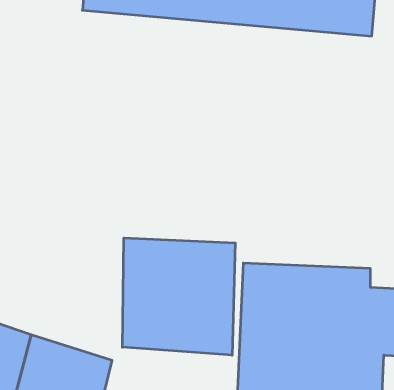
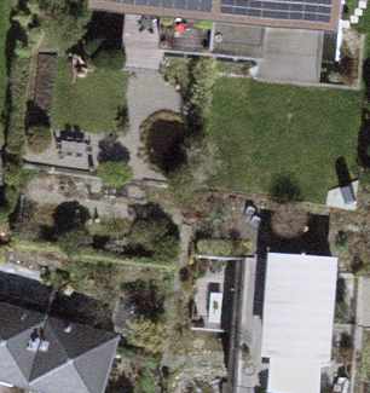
building: [122,238,235,355] -> none

